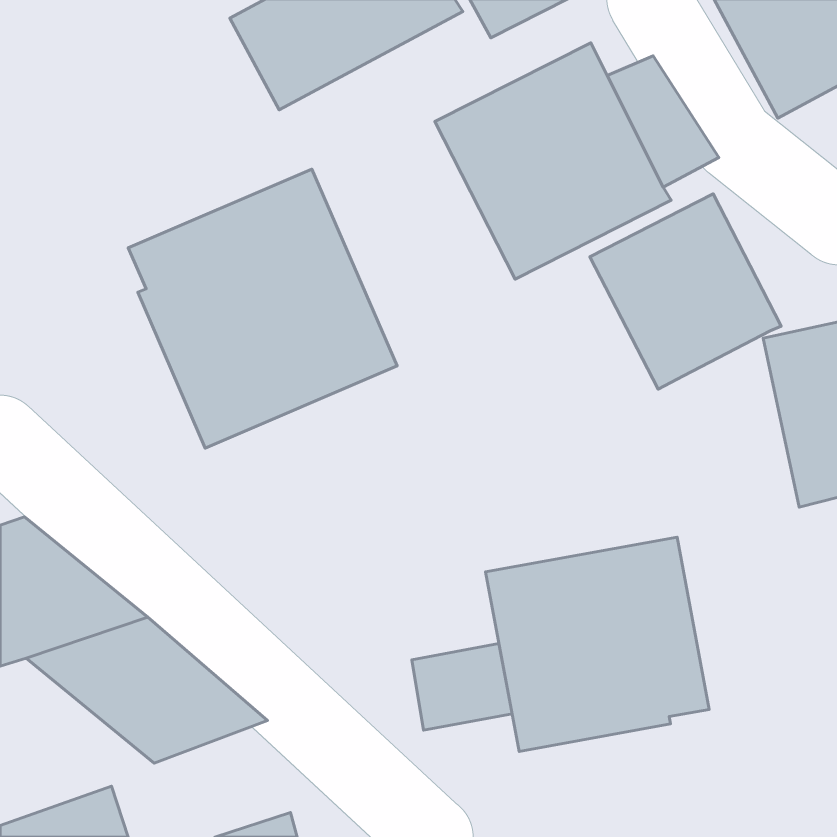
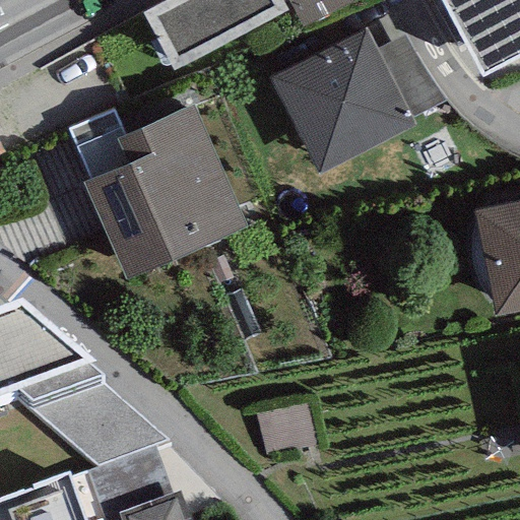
building: [590,194,781,389] -> none
building: [486,537,709,752] -> none

